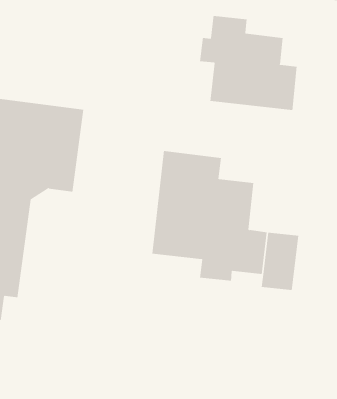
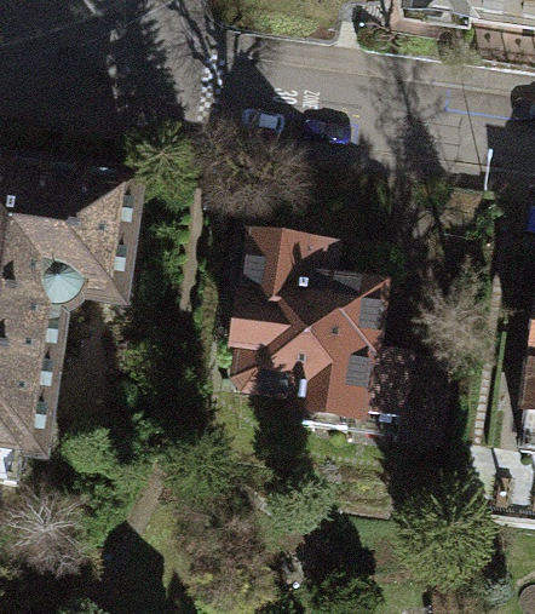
building: [199,15,297,111] -> none

